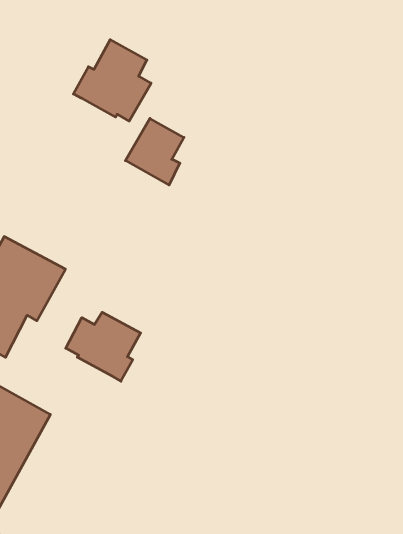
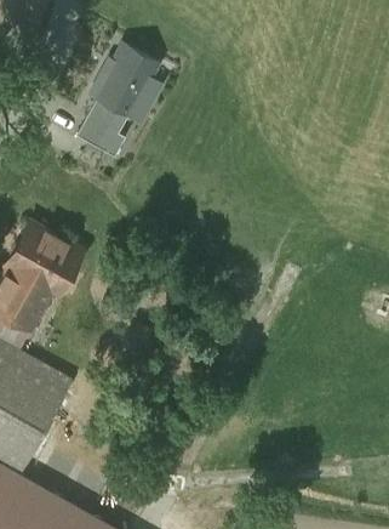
building: [125,118,184,185] -> [78,96,130,155]
building: [66,312,141,381] -> none

